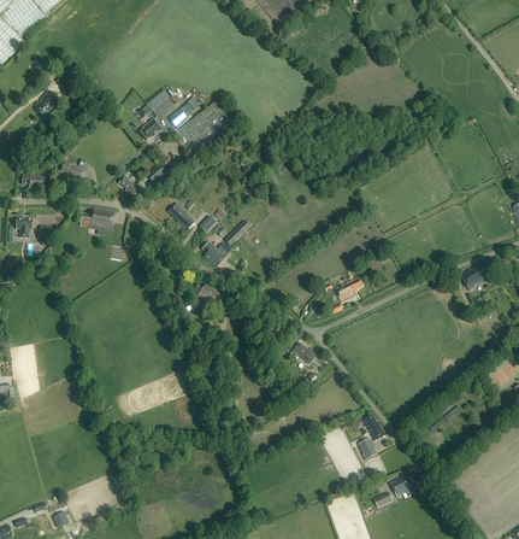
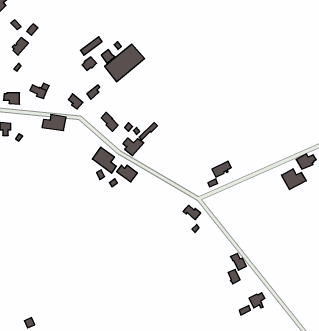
building: none -> [92,147,116,173]
building: none -> [281,169,306,190]

